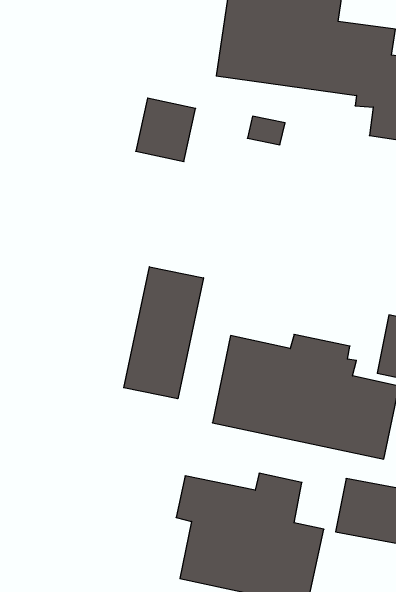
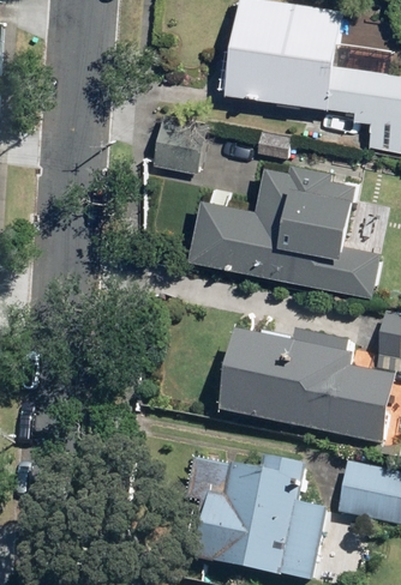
building: none -> [188,163,379,295]
building: [124,267,203,399] -> none

